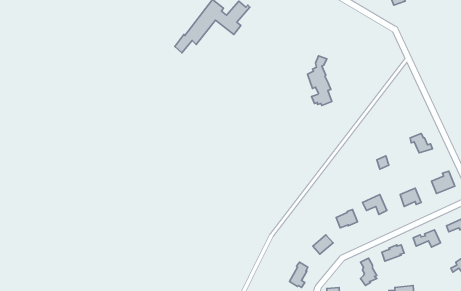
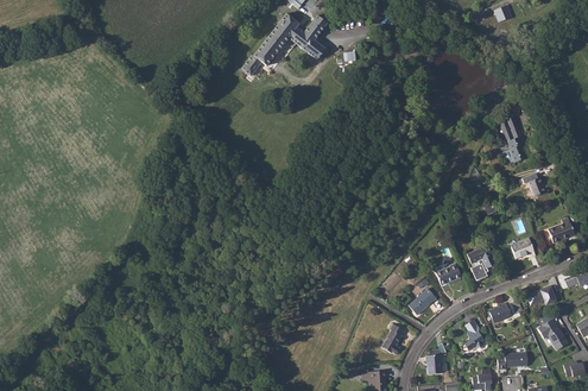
building: [308,56,332,106] -> [498,103,526,162]
building: none -> [536,316,569,349]

